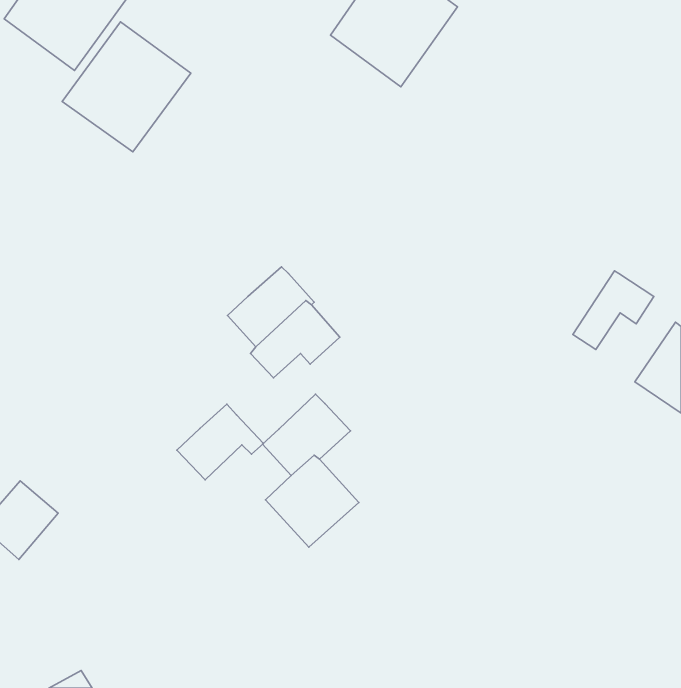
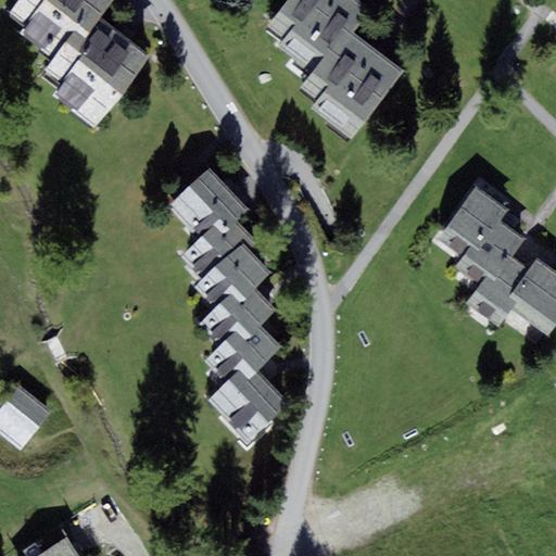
building: none -> [307,29,410,134]
building: none -> [169,168,245,238]
building: none -> [438,188,503,255]
building: none -> [465,251,529,321]
building: [177,404,264,480] -> [201,283,270,344]

